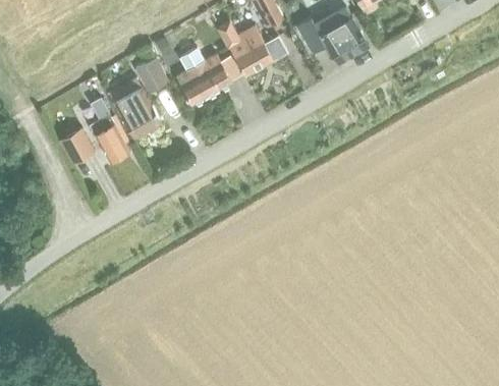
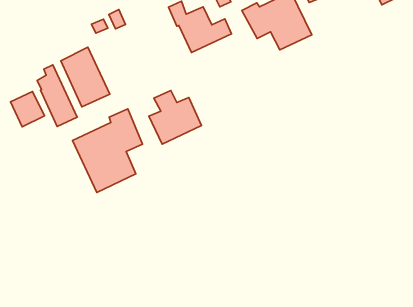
building: [176,48,232,105] -> [149,90,201,144]
building: [136,58,169,92] -> none
building: none -> [72,109,143,193]

